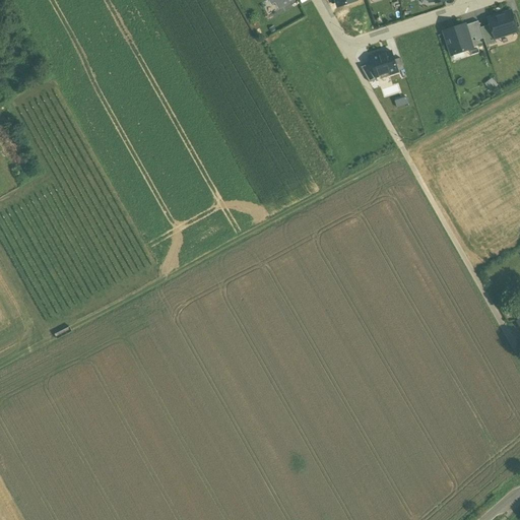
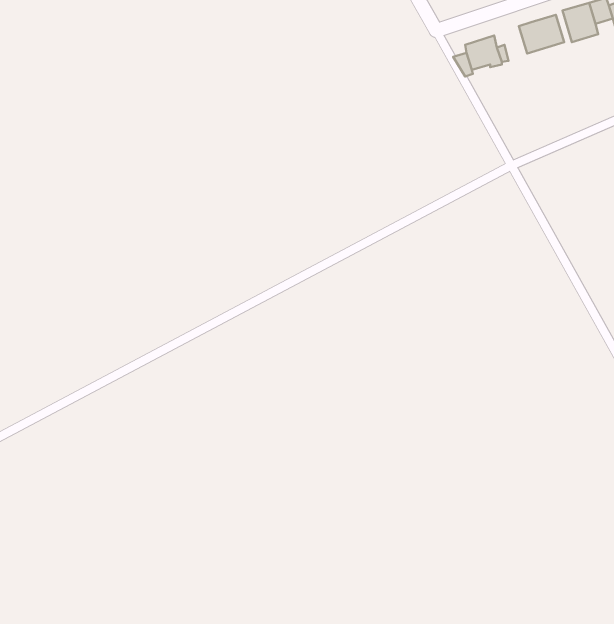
building: none -> [519,15,564,53]

